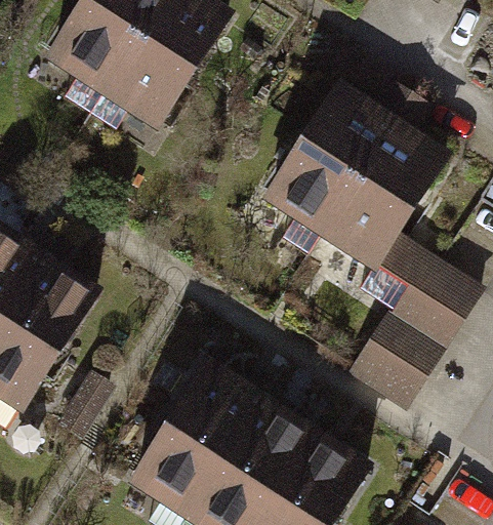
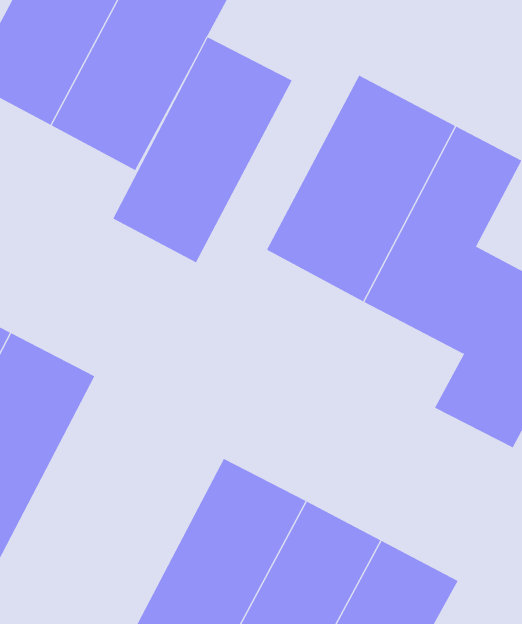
building: none -> [113,37,293,263]

